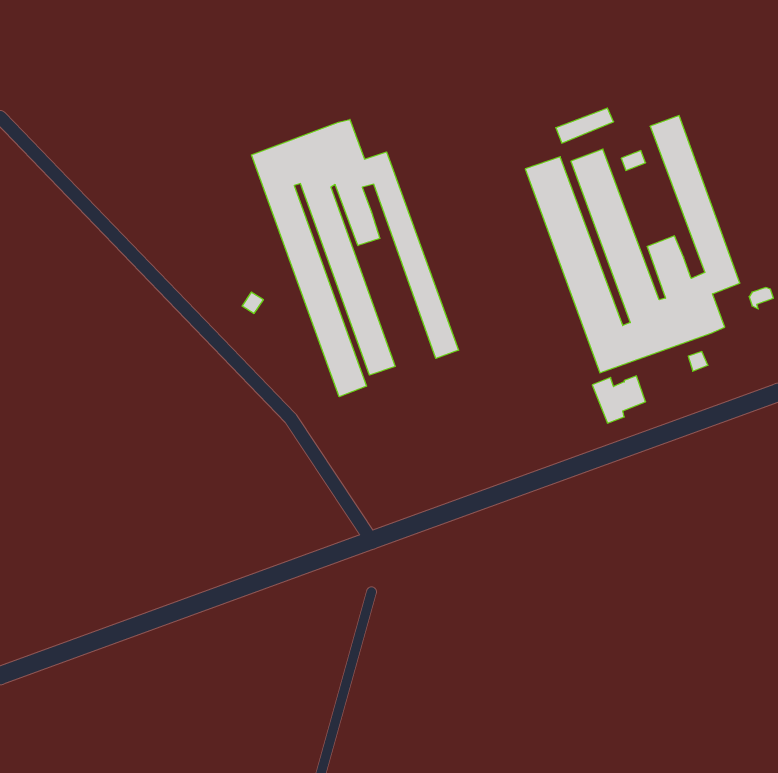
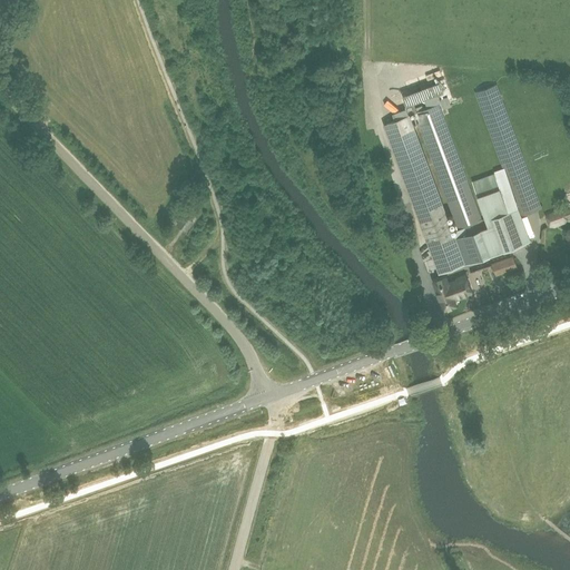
building: [252,119,459,397] -> none

